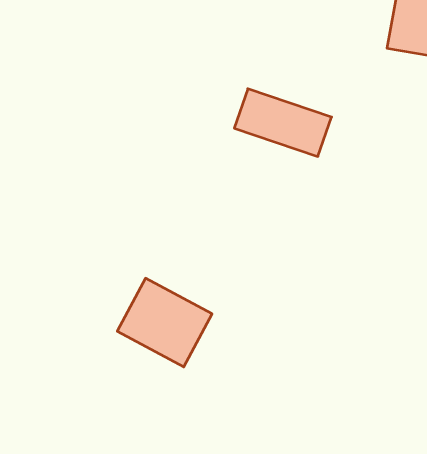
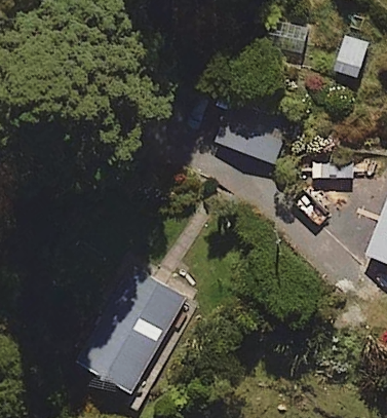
building: none -> [82,314,161,394]

